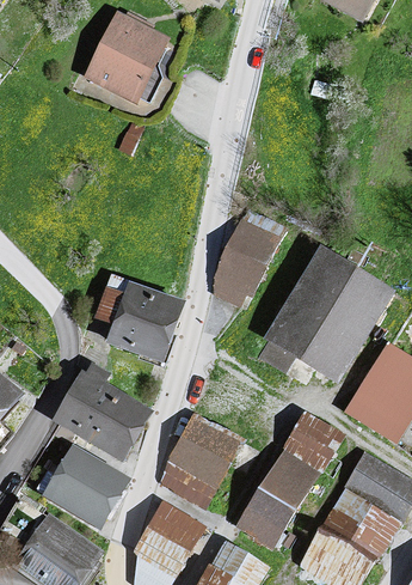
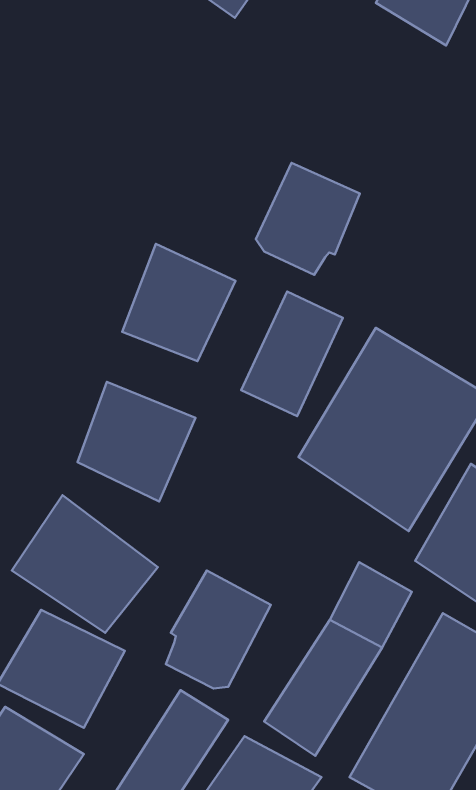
building: [82,17,170,110] -> none
building: none -> [256,163,360,275]
building: none -> [122,244,235,361]

